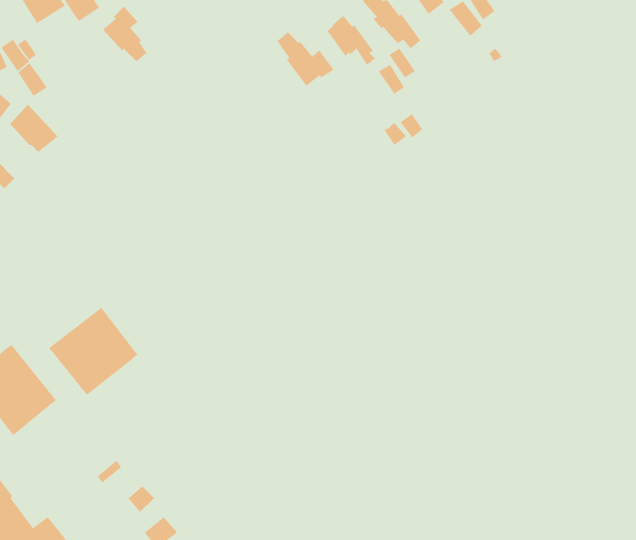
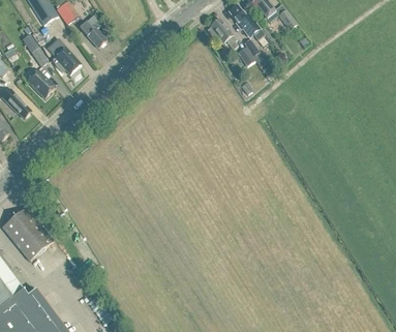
building: [277,31,335,87] -> none
building: none -> [50,46,80,74]
building: [48,307,139,396] -> none

